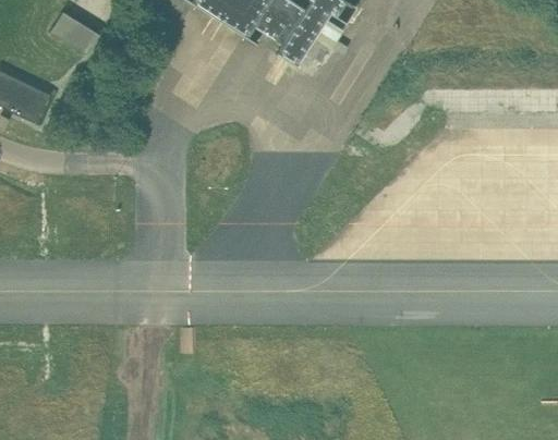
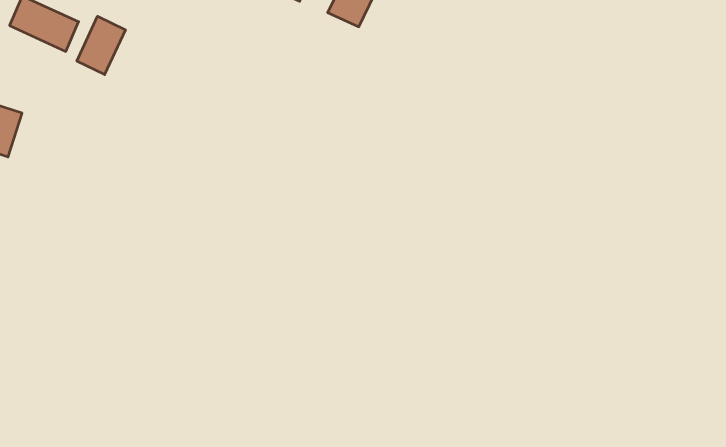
building: none -> [77,16,125,75]

